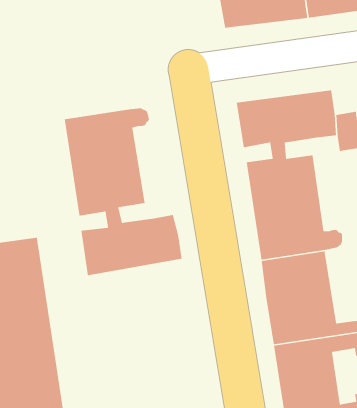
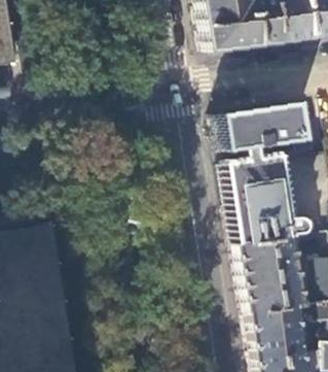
building: [64,108,183,276] -> none

